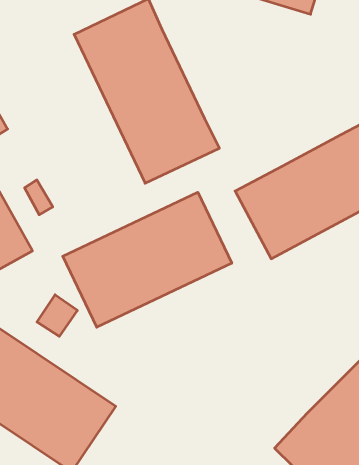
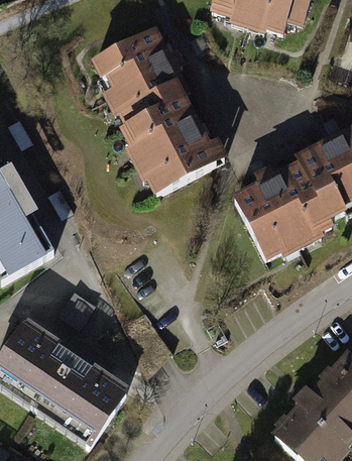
building: [63,192,232,327] -> none

